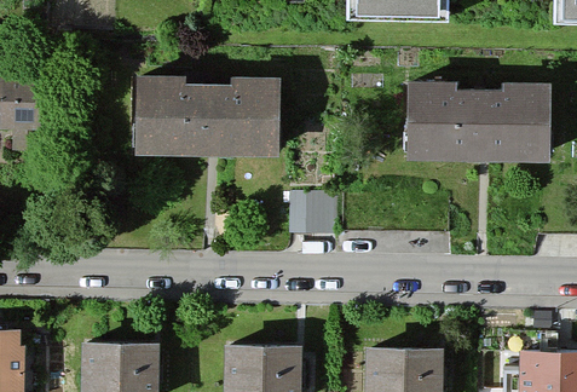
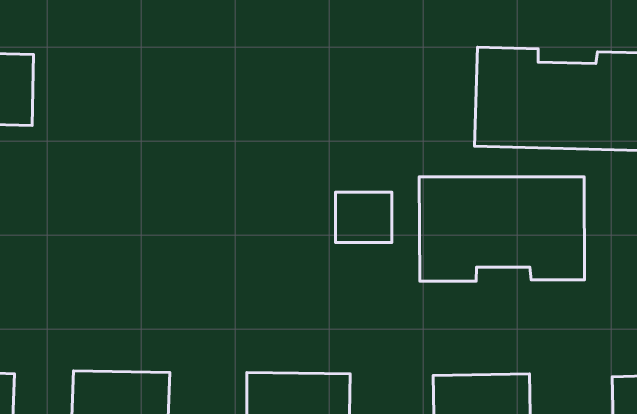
building: [134,79,279,160] -> none
building: none -> [419,177,585,281]

